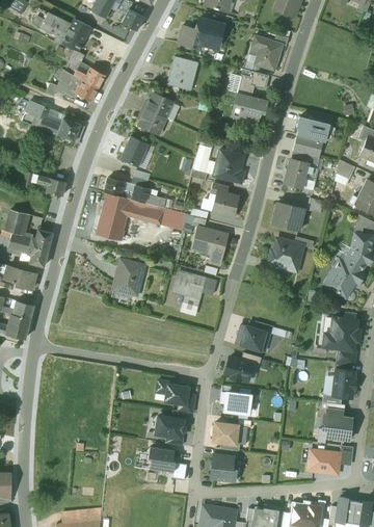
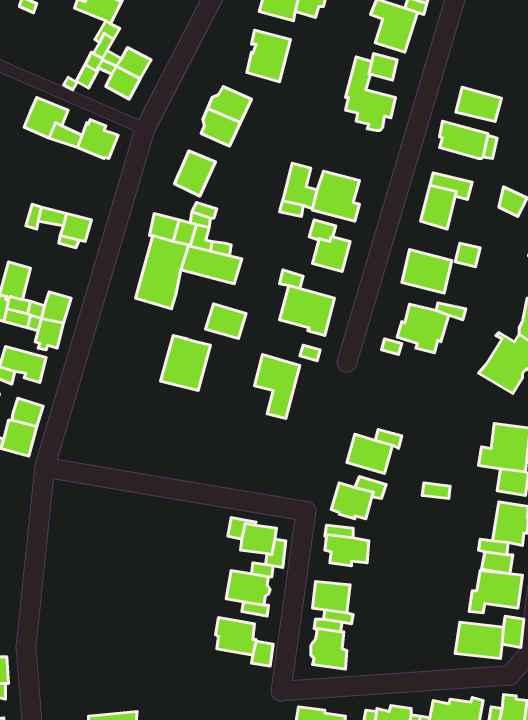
building: [293,134,323,157] -> [456,87,501,122]
building: [161,208,188,231] -> [206,304,246,338]

